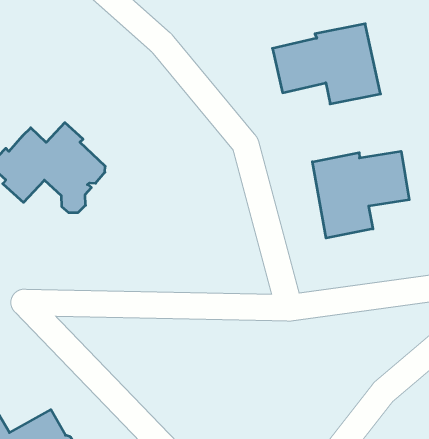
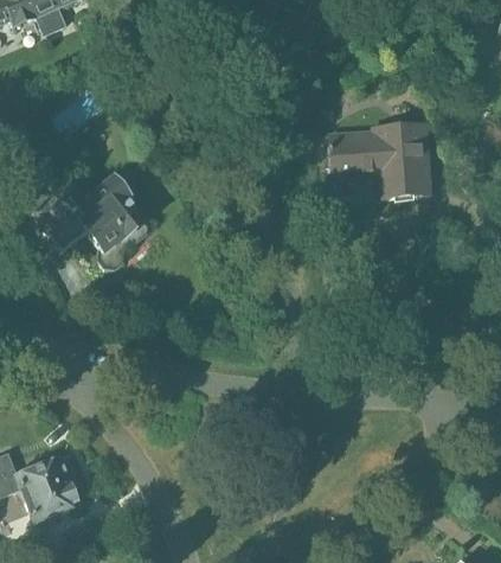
building: [312,151,409,238] -> none

